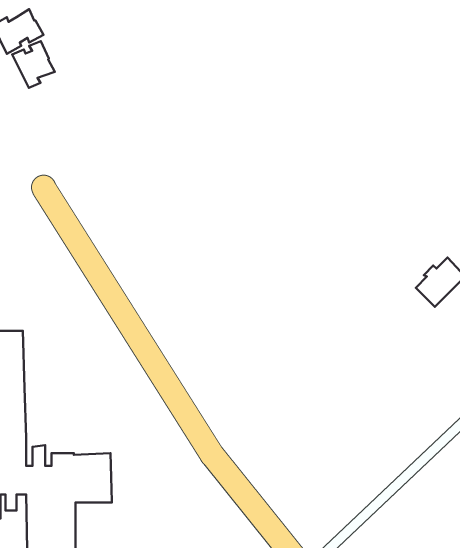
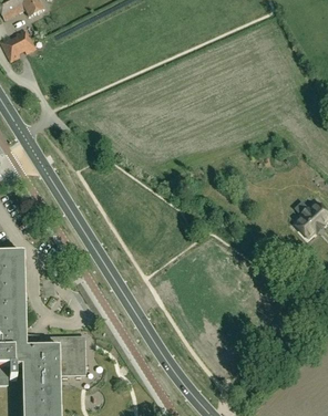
building: [12,41,55,88] -> none

